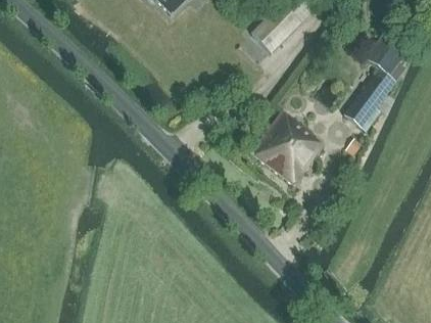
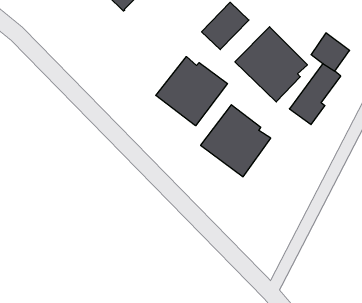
building: none -> [235,27,307,102]
building: none -> [156,57,227,126]

